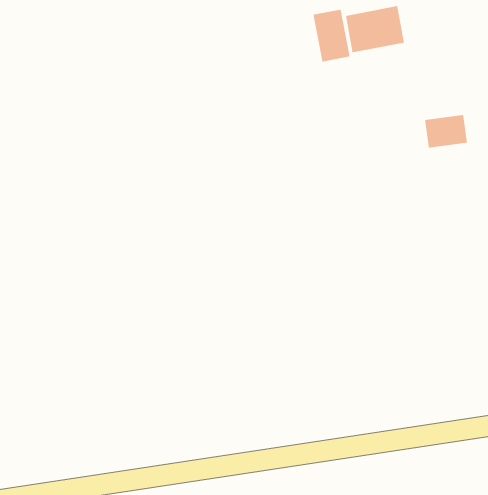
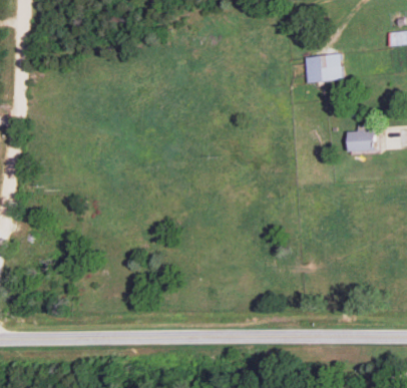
building: [312,9,350,62] -> none

